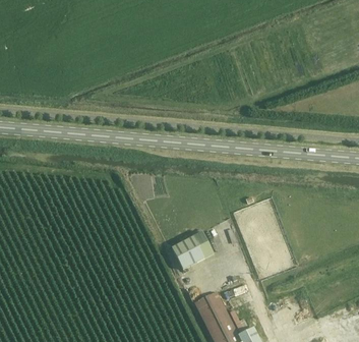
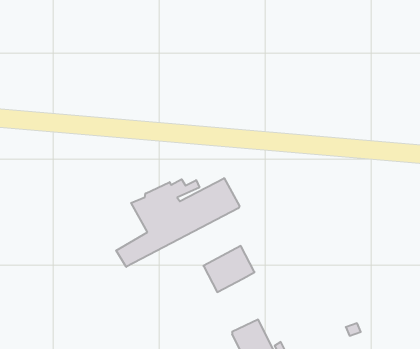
building: none -> [116,178,239,267]

